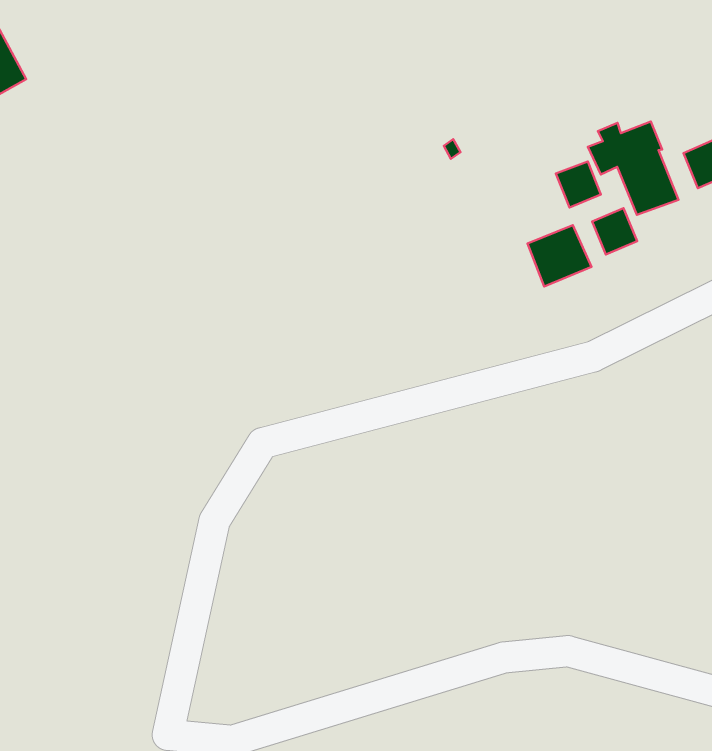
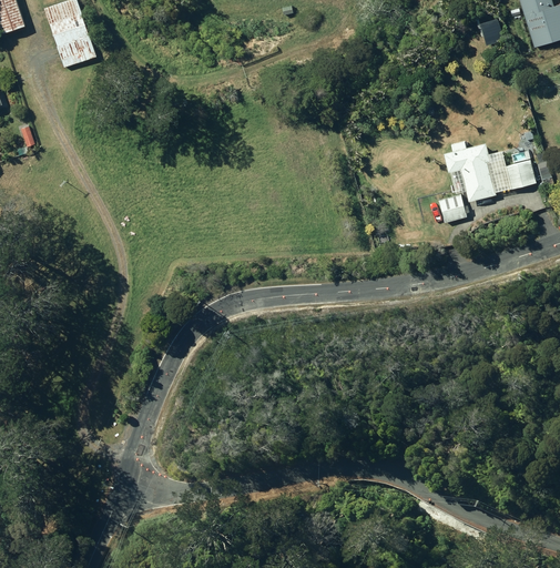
building: [556,161,601,208] -> none
building: [527,225,591,286] -> none

